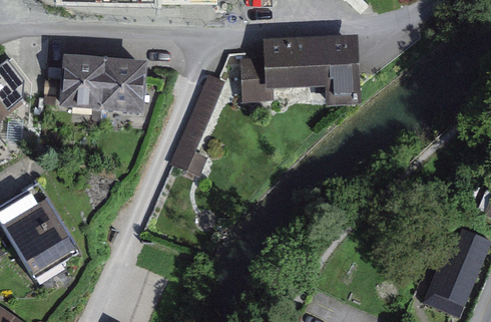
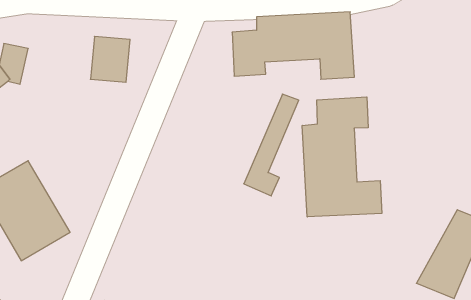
building: [65,58,104,103] -> none
building: [170,74,224,175] -> [244,94,299,196]
building: none -> [302,97,382,217]

